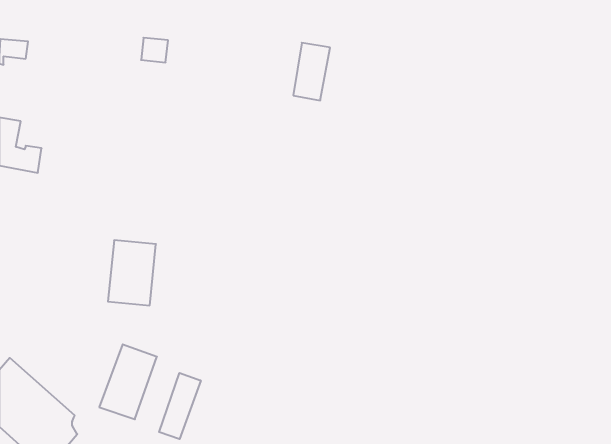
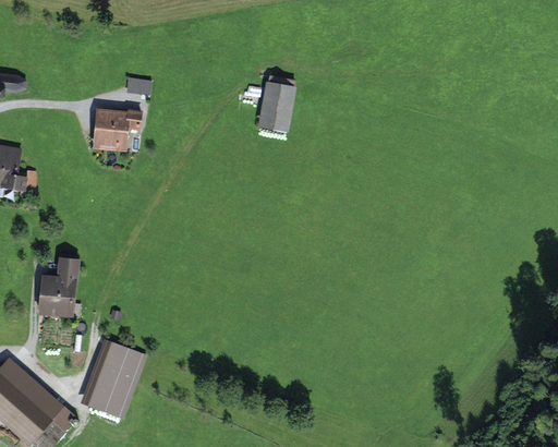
building: none -> [90,108,135,149]
building: [108,240,156,305] -> [37,257,80,315]
building: [159,373,201,439] -> none

